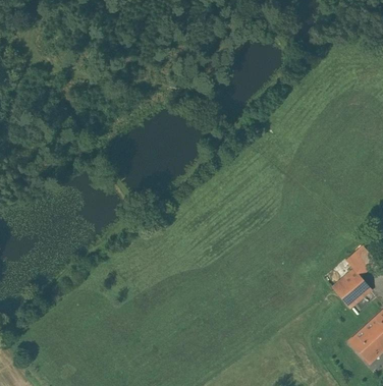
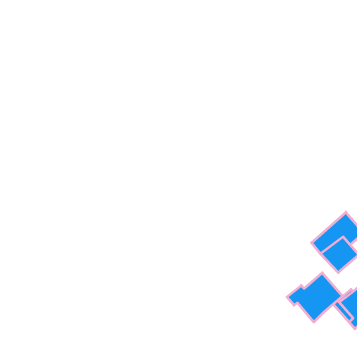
building: none -> [287,273,342,322]

